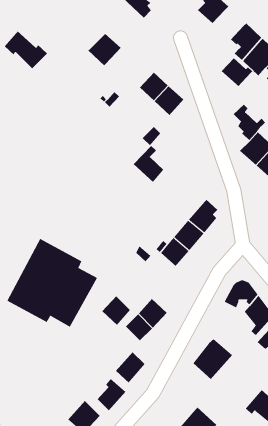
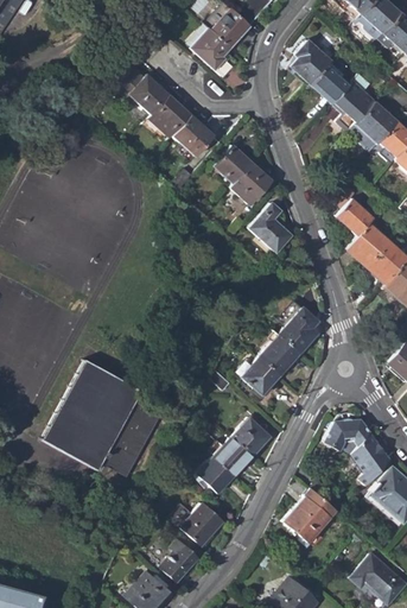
building: [4,31,48,69] -> [115,65,172,115]
building: none -> [173,114,216,154]
building: [221,57,253,87] -> [311,65,352,103]
building: [133,145,164,183] -> [250,203,291,252]
building: [101,296,131,326] -> [233,417,271,456]

